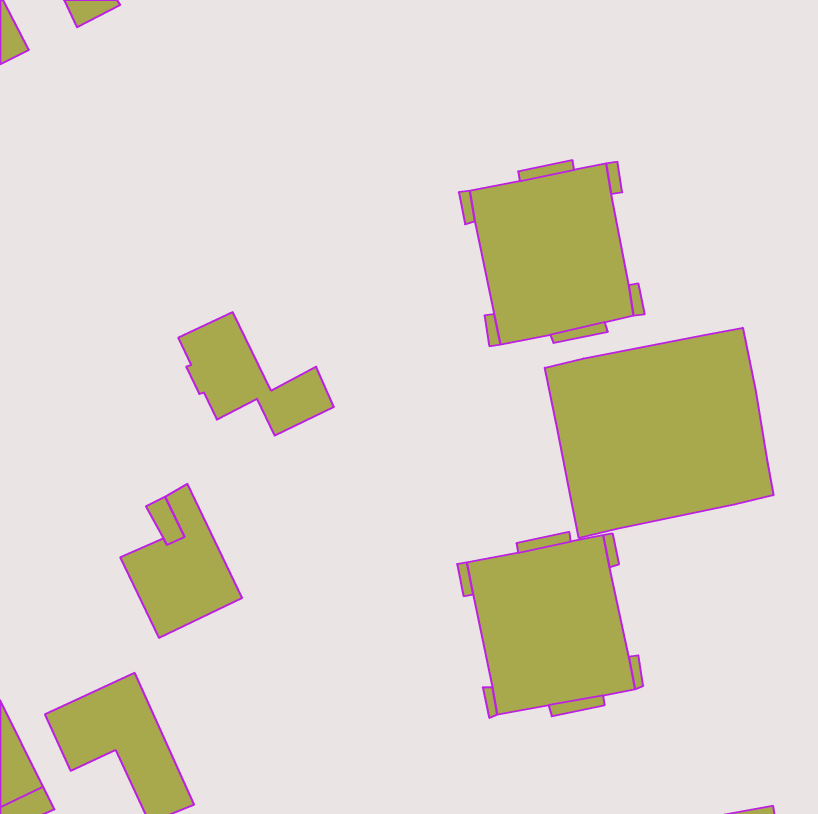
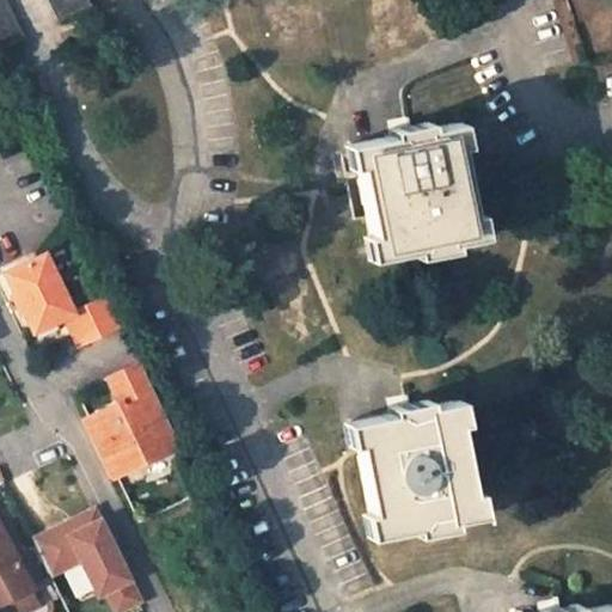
building: [178,312,334,436] -> [7,257,123,349]
building: [545,328,773,538] -> none

